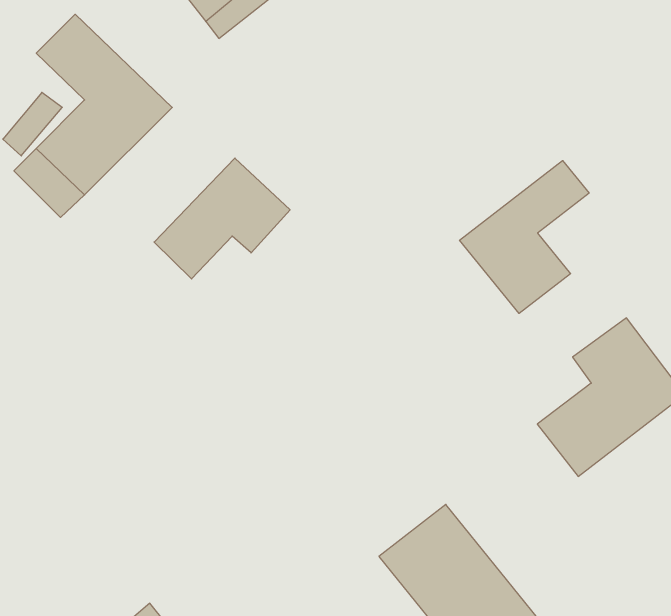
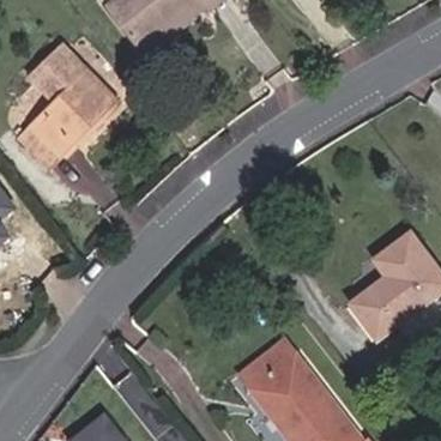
building: [154,158,290,279] -> none
building: [460,161,589,313] -> none

